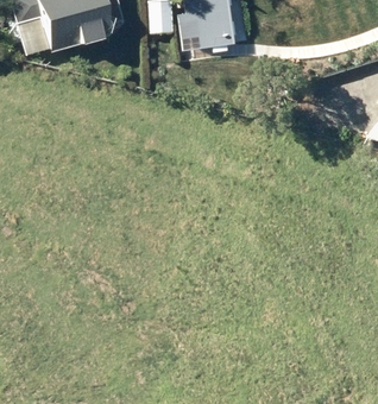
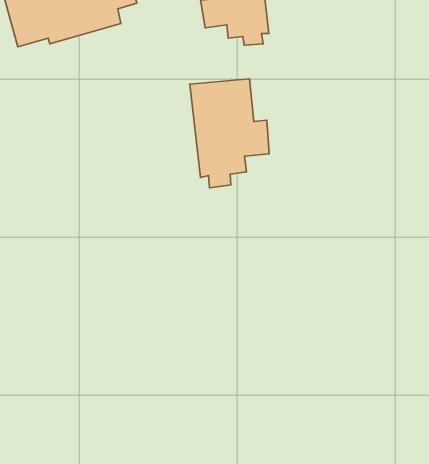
building: none -> [190,79,269,188]

